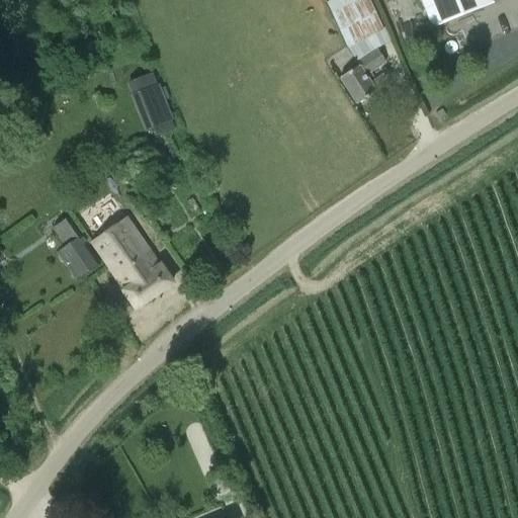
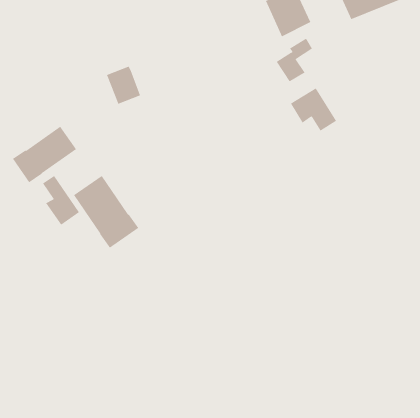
building: none -> [290,87,337,131]
building: none -> [12,126,77,183]

